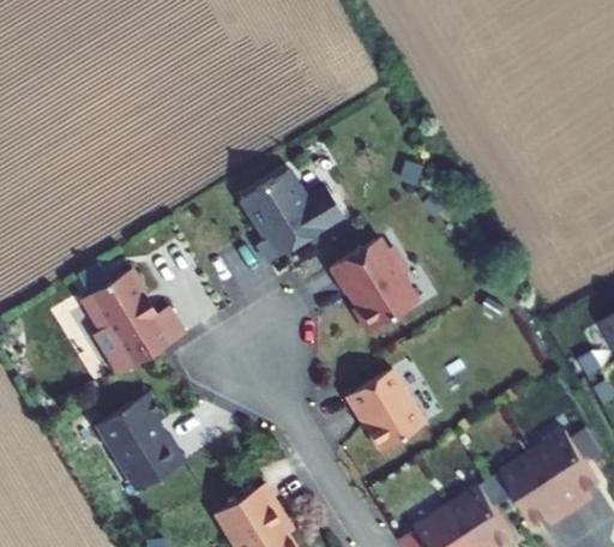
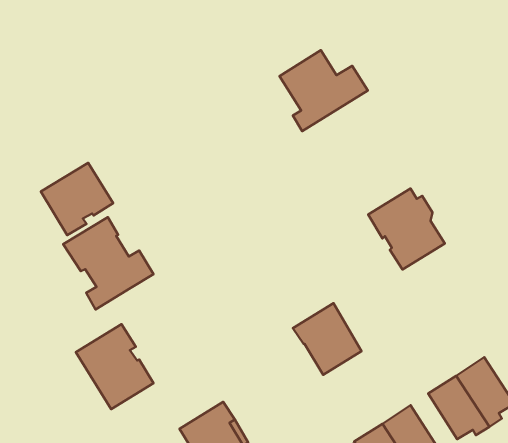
building: [240,170,342,264] -> [279,50,368,131]
building: none -> [41,163,113,235]
building: [327,239,416,332] -> [368,189,445,270]

